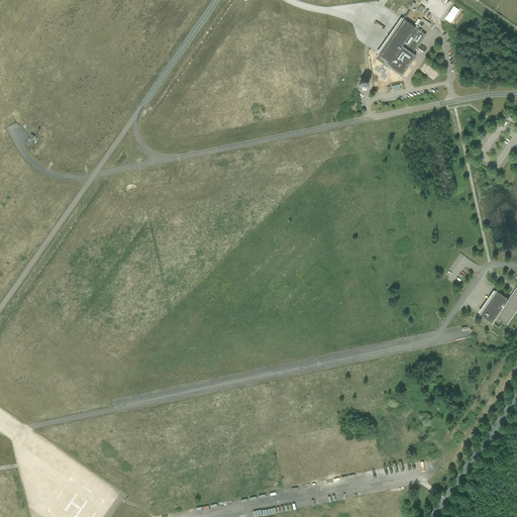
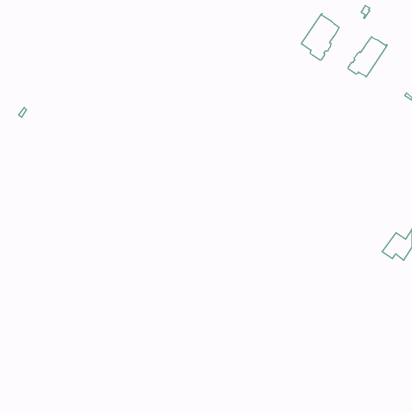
building: none -> [348,37,387,77]

